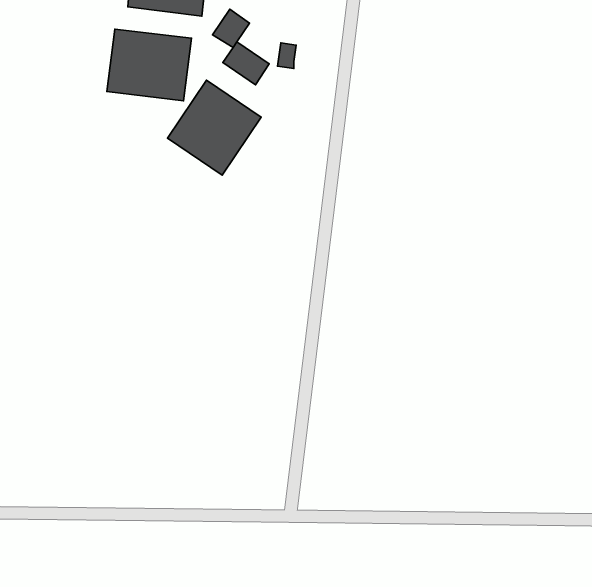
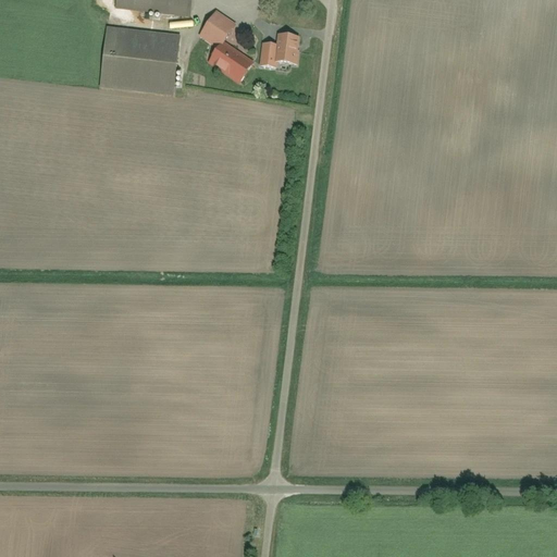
building: none -> [275,32,297,61]
building: [168,80,261,175] -> none

